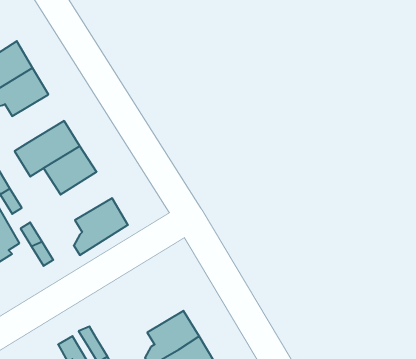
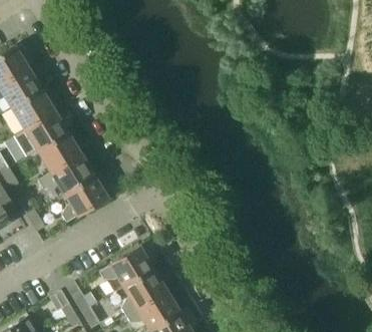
building: none -> [11,89,54,129]
building: none -> [38,153,94,194]
building: none -> [99,247,153,287]

